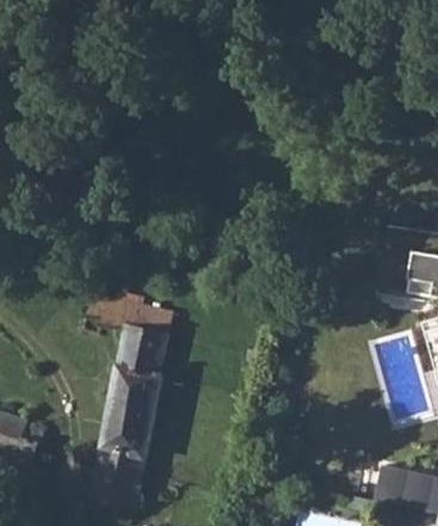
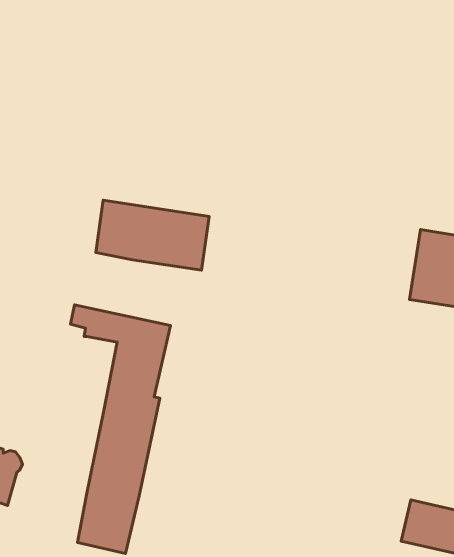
building: none -> [96,200,209,270]

